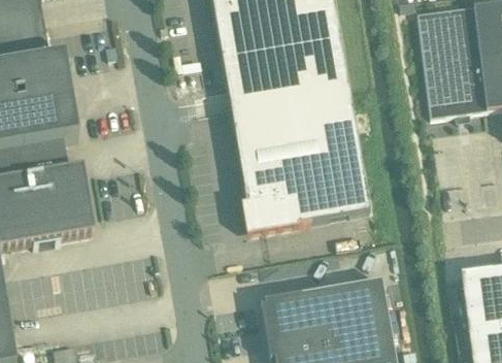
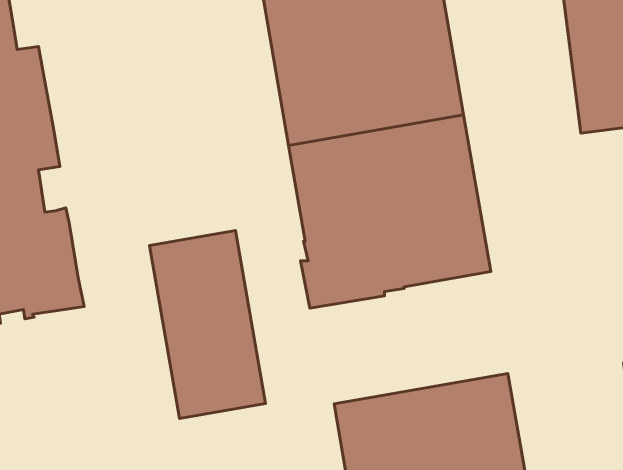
building: none -> [149,230,266,419]

